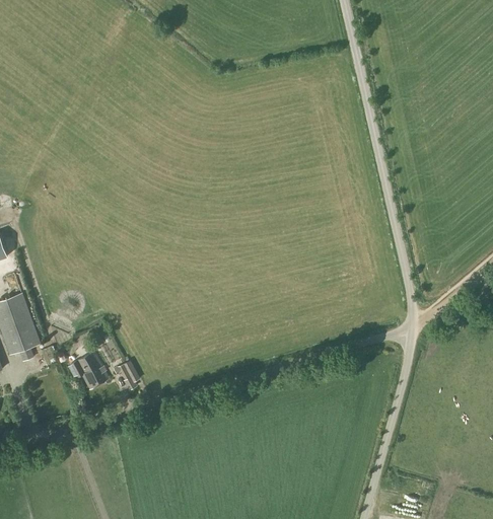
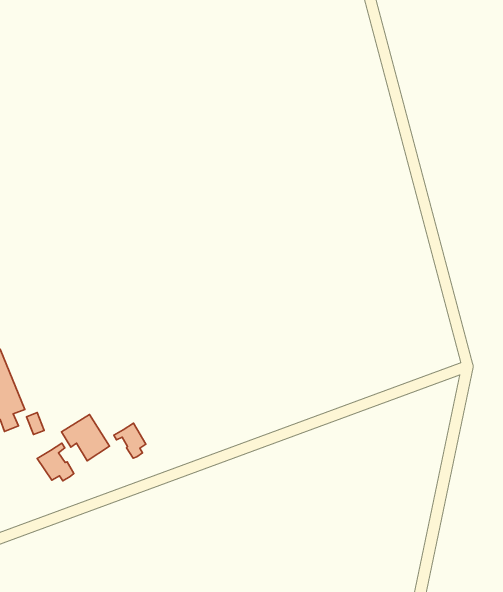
building: none -> [37,443,74,481]

